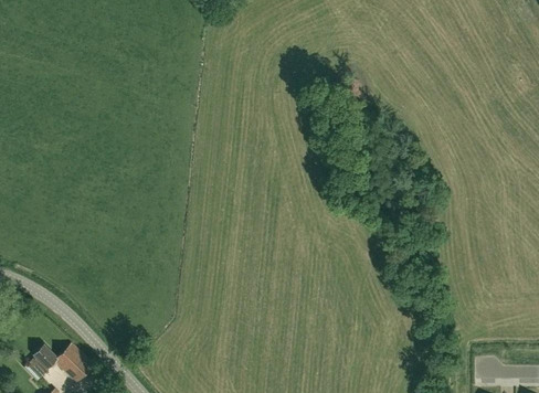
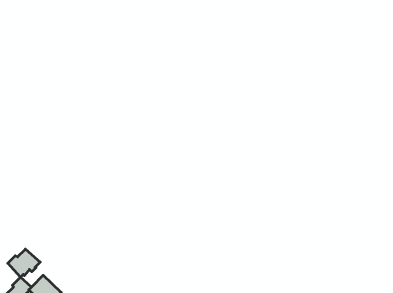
building: none -> [8,249,40,277]

